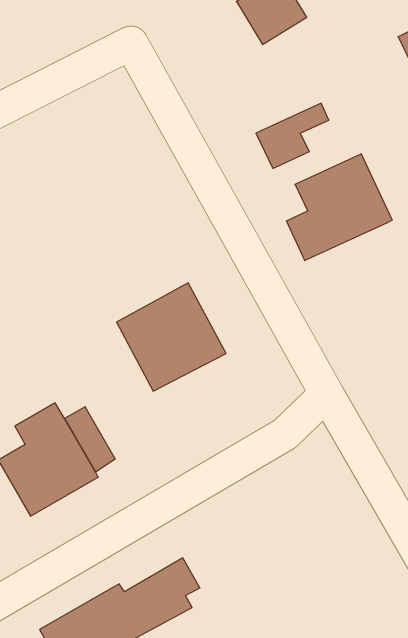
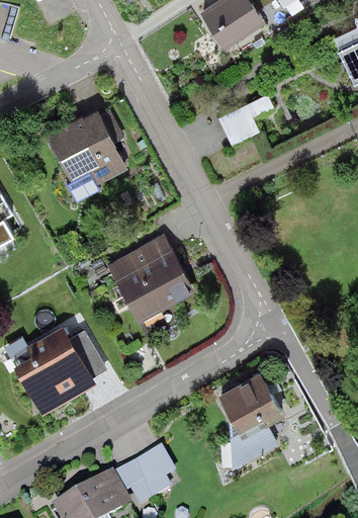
building: none -> [44,104,128,204]
building: [286,154,392,261] -> none
building: none -> [218,369,281,467]

